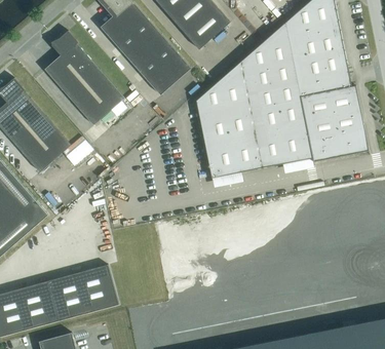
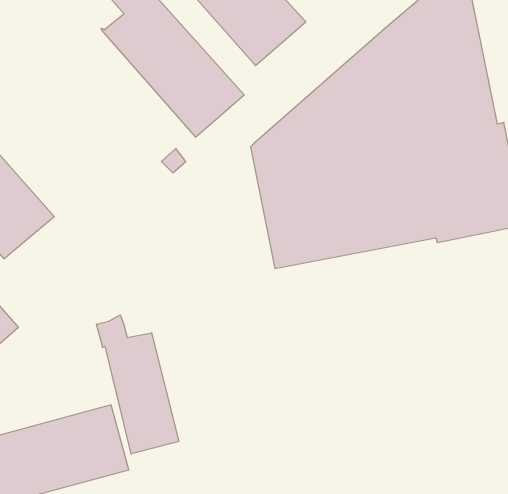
building: [44,31,124,125] -> none
building: none -> [96,315,179,454]

